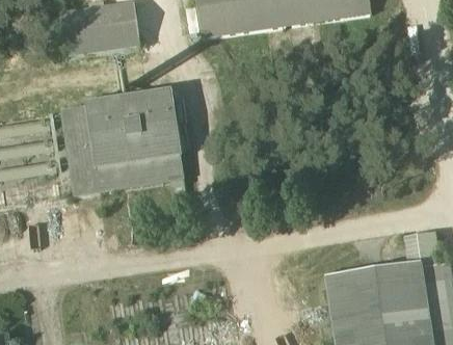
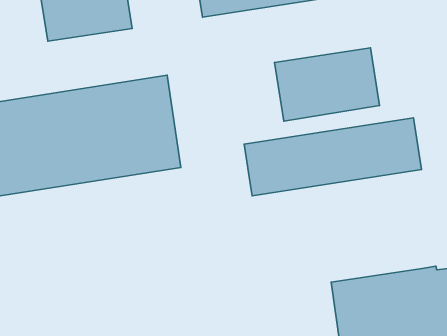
building: none -> [275,48,379,121]
building: none -> [244,118,422,196]

